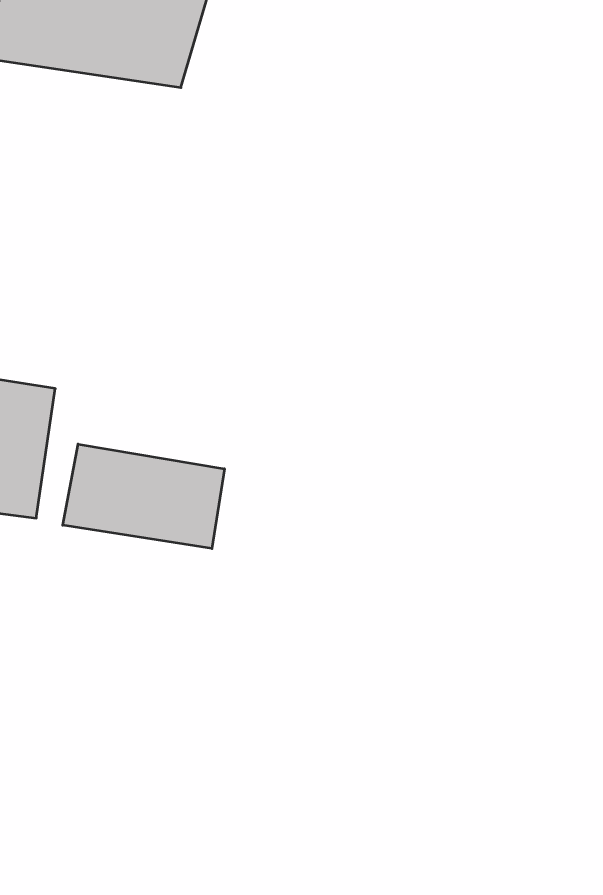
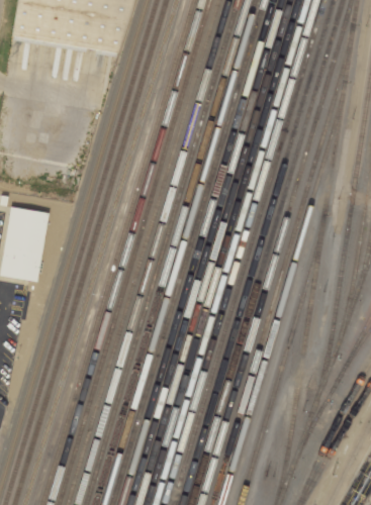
building: [63,444,224,549] -> none

